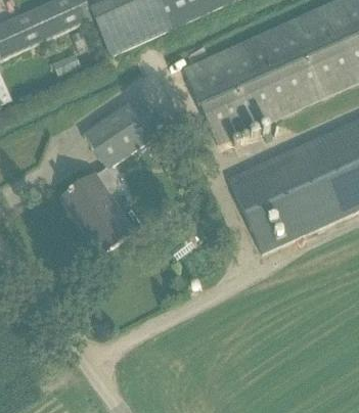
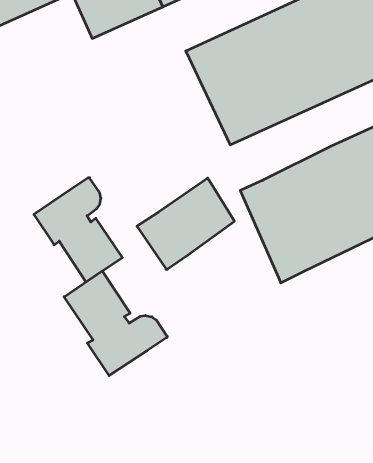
building: [83,95,162,169] -> [137,178,234,269]
building: none -> [64,271,167,376]

